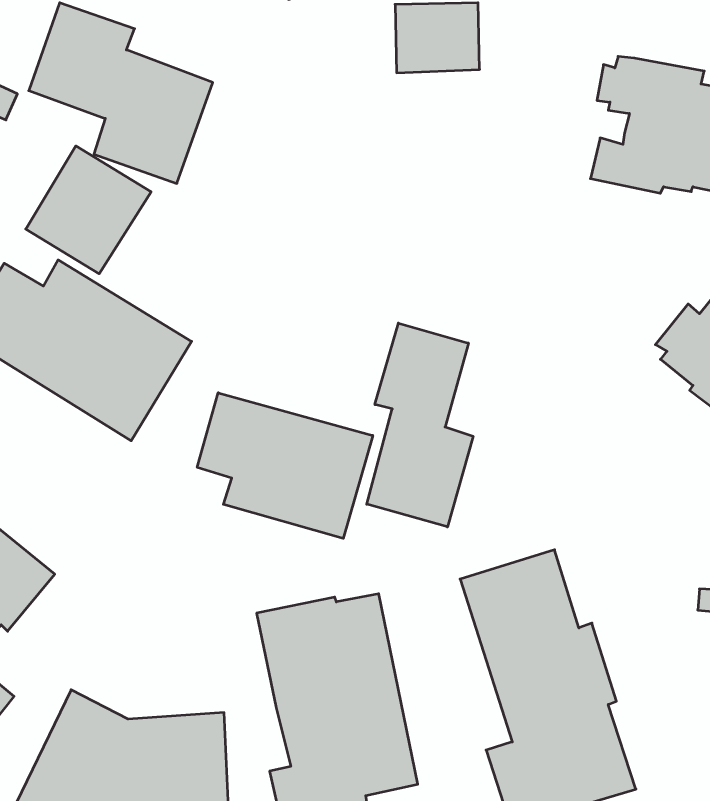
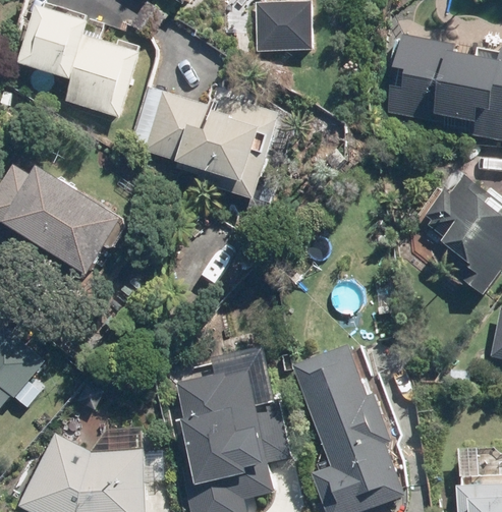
building: [26,146,151,274] -> none
building: none -> [136,93,277,202]
building: [367,323,473,527] -> none
building: [197,393,373,538] -> none

